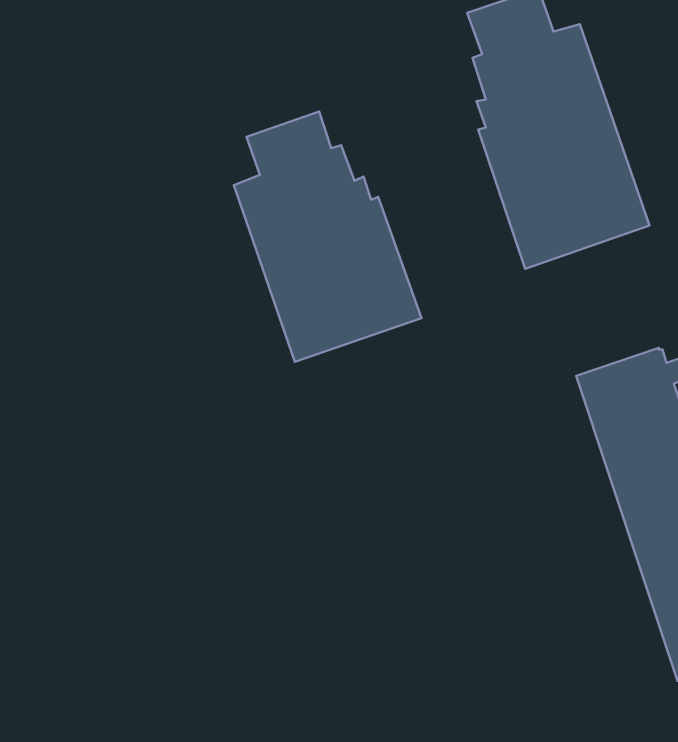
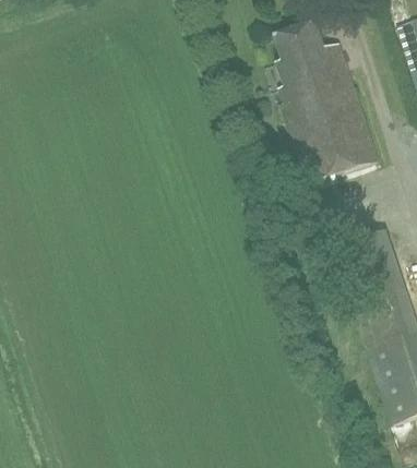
building: [234,111,421,362] -> none

